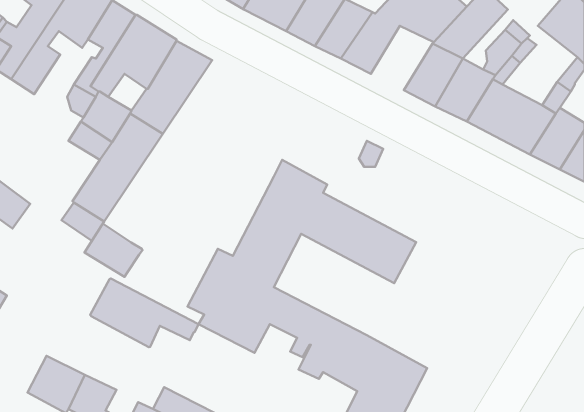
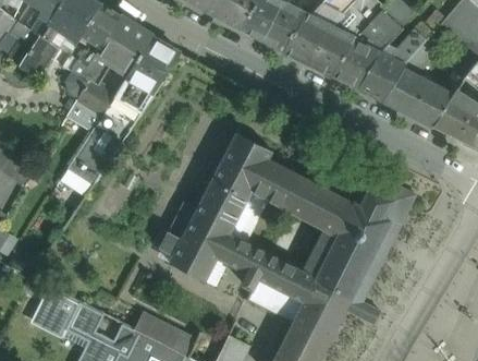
building: none -> [306,25,356,76]
building: none -> [303,167,416,303]
building: [85,224,143,277] -> none
building: [90,279,199,347] -> none

